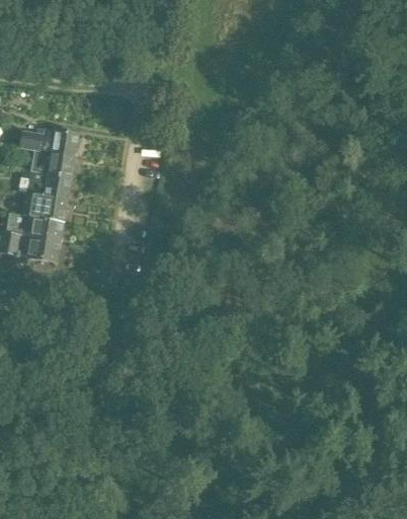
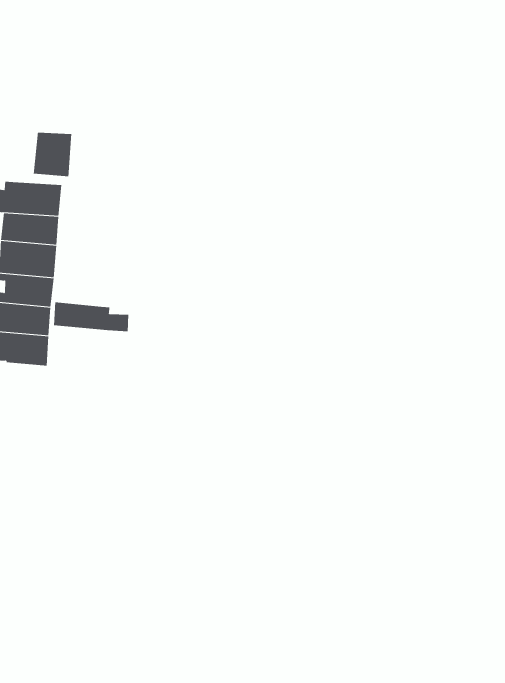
building: none -> [33,132,72,177]
building: none -> [53,301,129,332]

